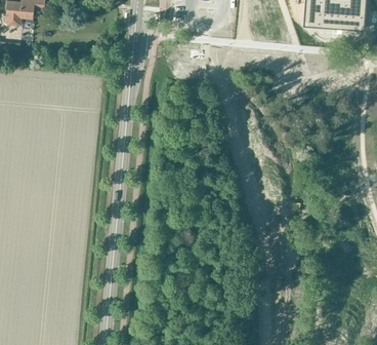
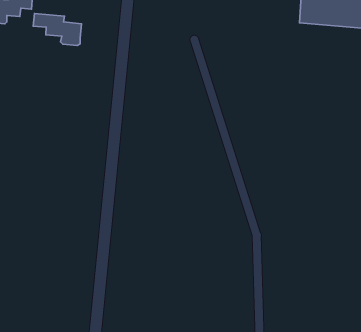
building: none -> [33,14,82,45]

